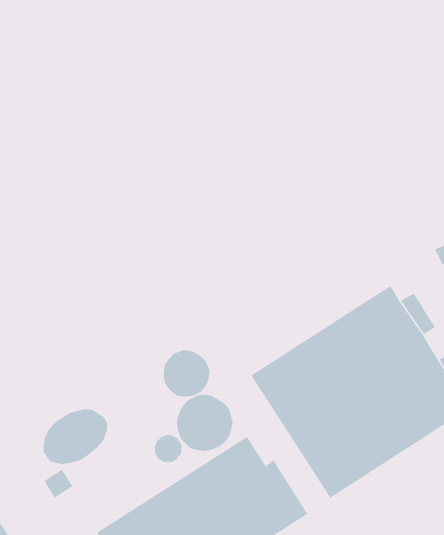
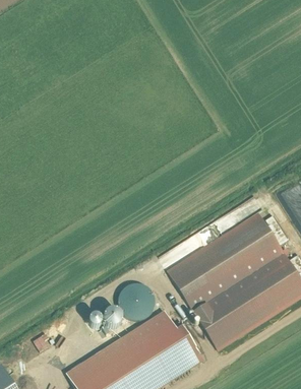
building: [163,349,210,397] -> none
building: [43,409,108,465] -> none

